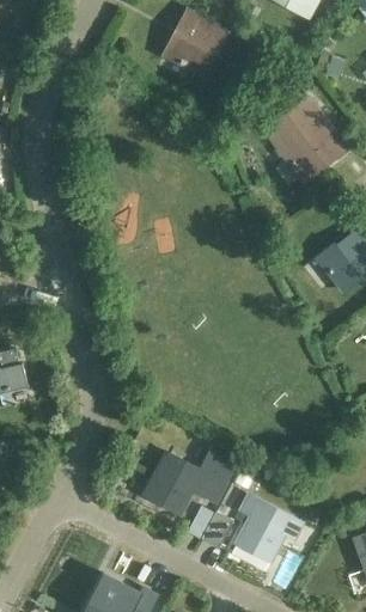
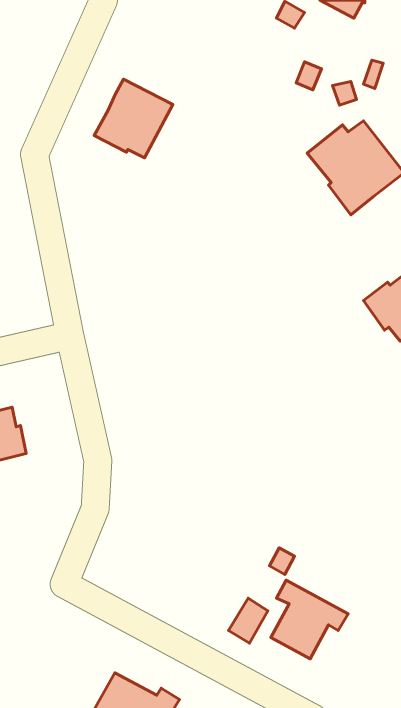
building: [160,8,227,75] -> [94,79,173,158]
building: [144,453,236,514] -> none

